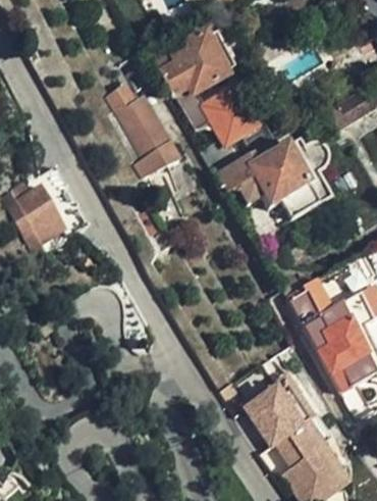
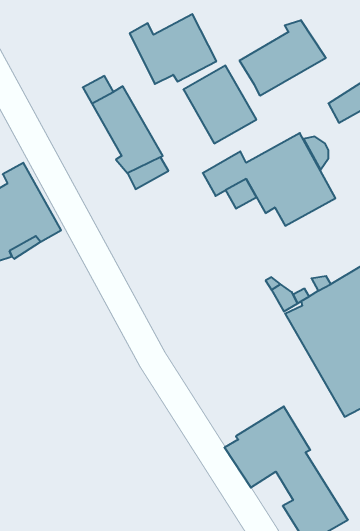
building: none -> [240,20,326,96]

